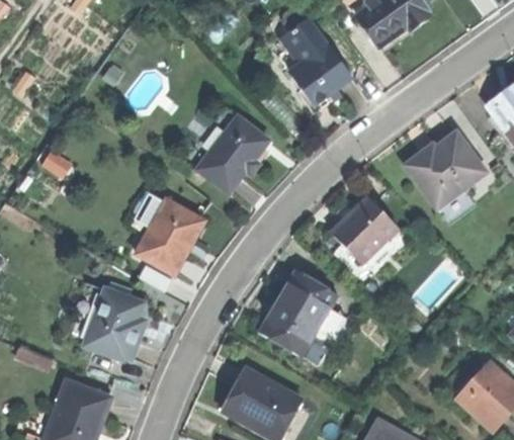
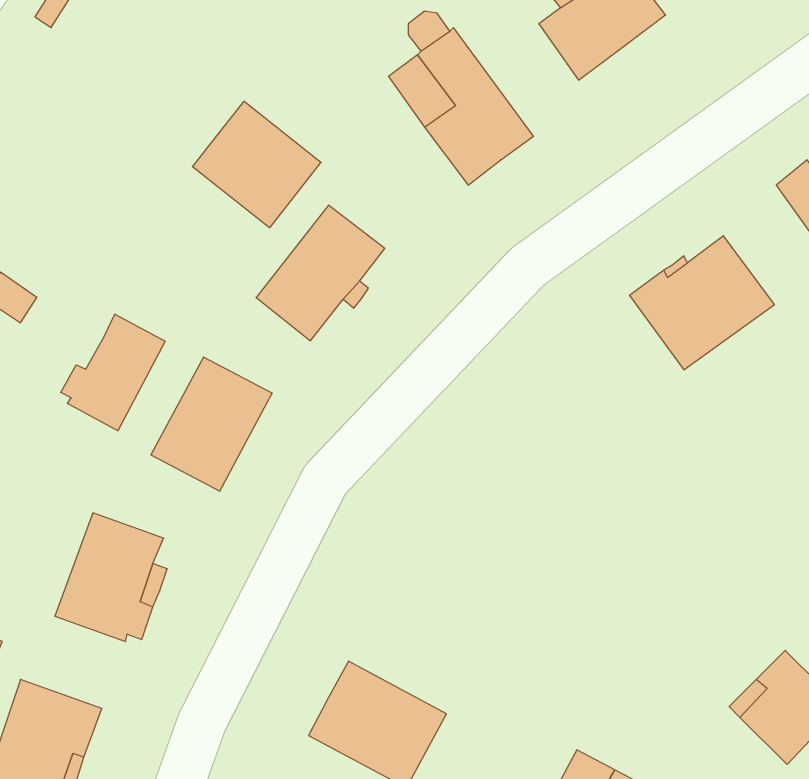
building: none -> [193,101,321,228]
building: none -> [61,314,165,431]
building: [332,197,398,264] -> none
building: [264,272,338,355] -> none

